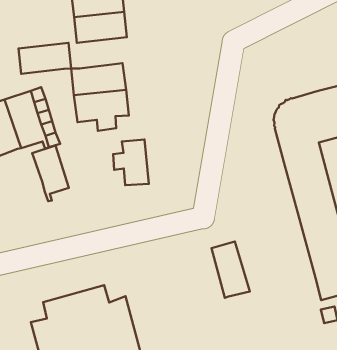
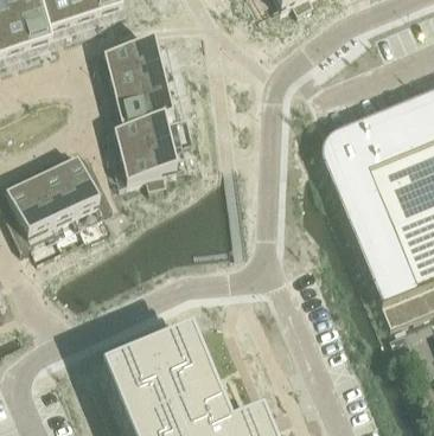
building: [18,43,71,74] -> [119,89,173,126]
building: [113,140,149,185] -> none
building: [32,146,69,201] -> none
building: [212,242,250,298] -> none

